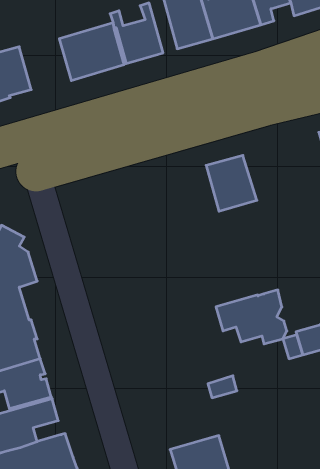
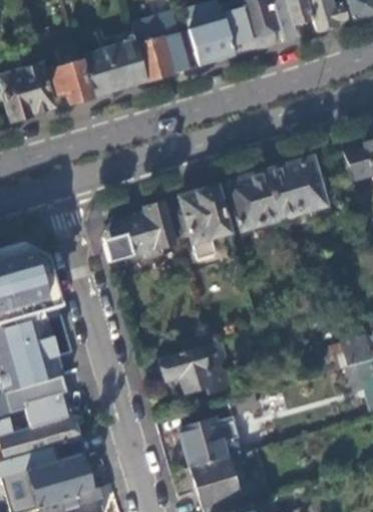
building: none -> [50,63,89,104]
building: none -> [265,159,325,218]
building: none -> [175,187,228,243]
building: none -> [103,202,174,263]
building: [216,290,287,344] -> [159,341,231,396]
building: none -> [180,420,243,469]

